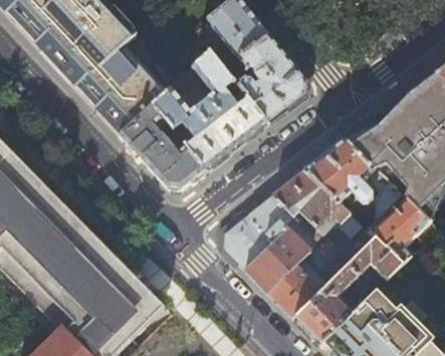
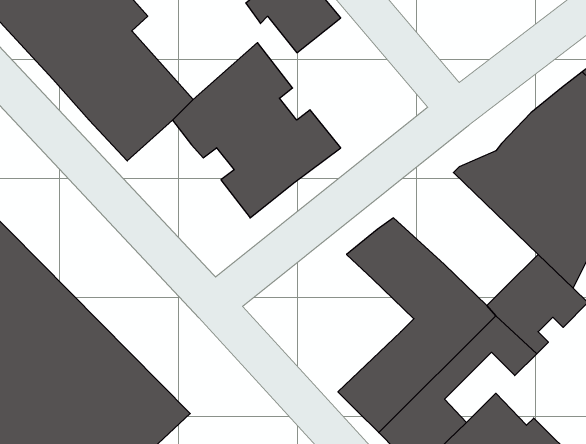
building: [235,34,305,123] -> none
building: [117,104,205,190] -> none
building: [303,140,403,219] -> none
building: [223,197,308,291] -> none

